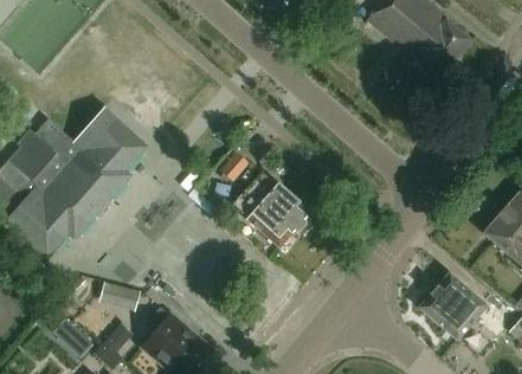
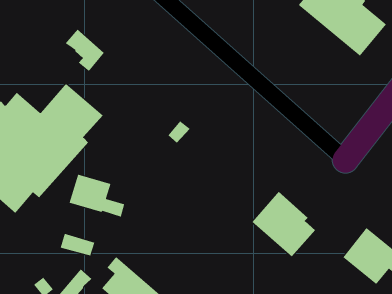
building: none -> [65,29,105,72]
building: [232,168,305,244] -> [252,191,316,257]
building: none -> [69,174,125,217]

